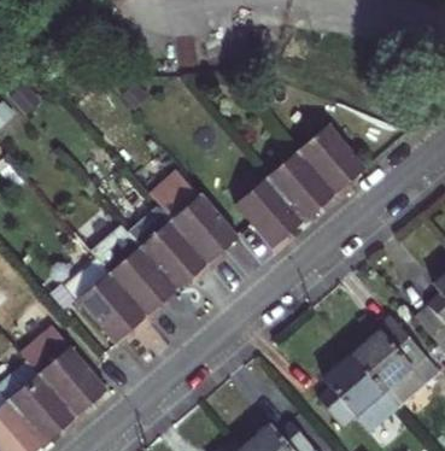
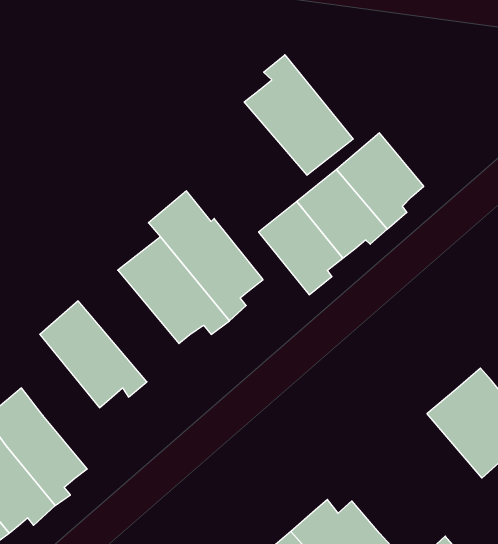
building: none -> [244,55,353,175]
building: [84,226,170,322] -> none
building: [334,347,409,423] -> none

